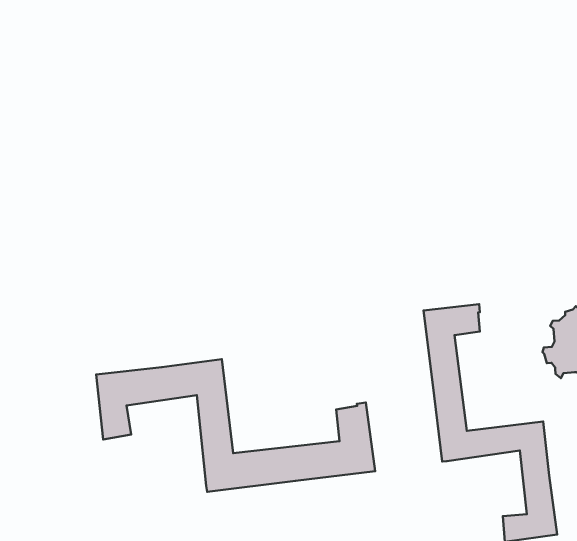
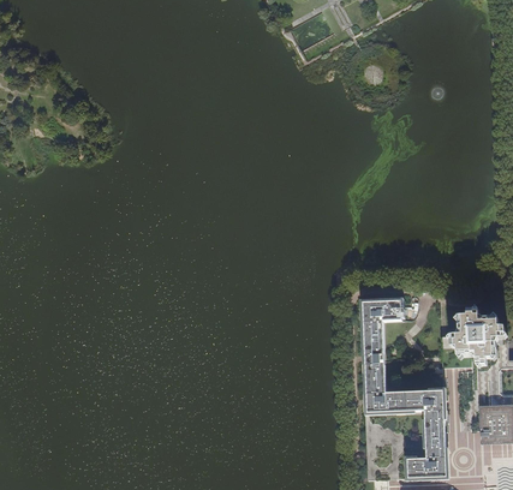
building: [96,359,375,492] -> none

